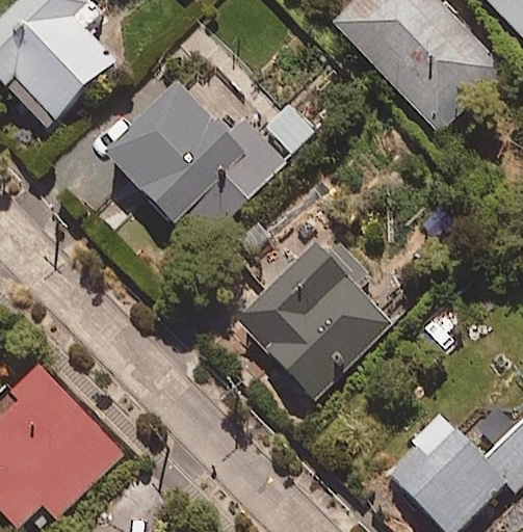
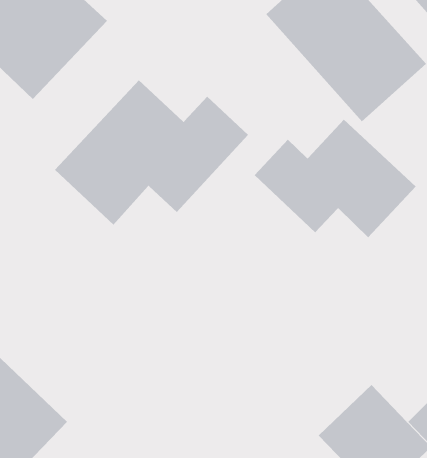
building: none -> [254,119,416,238]
building: [241,230,406,393] -> none

